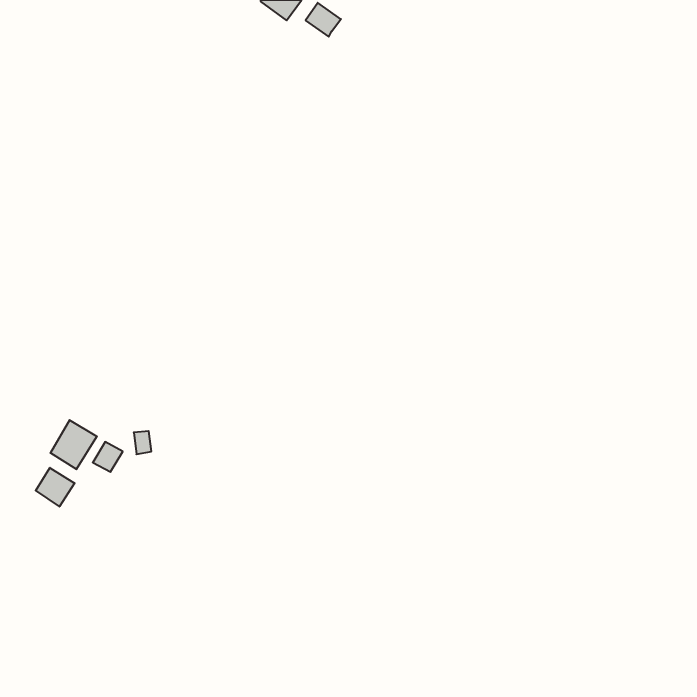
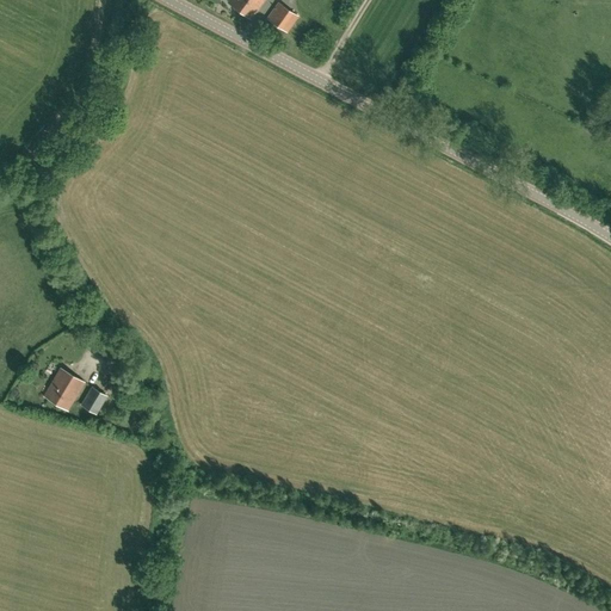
building: [36,468,75,507] -> none

